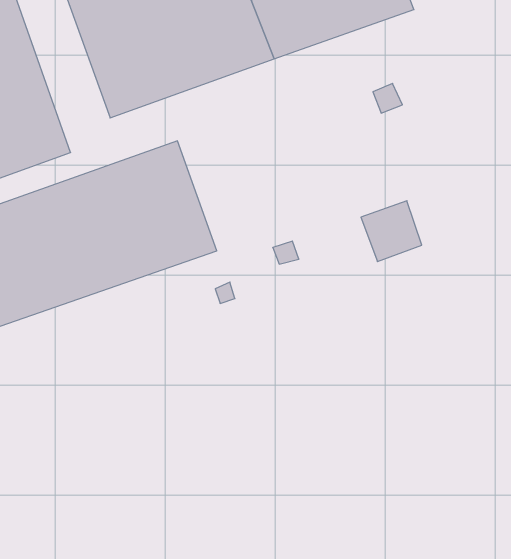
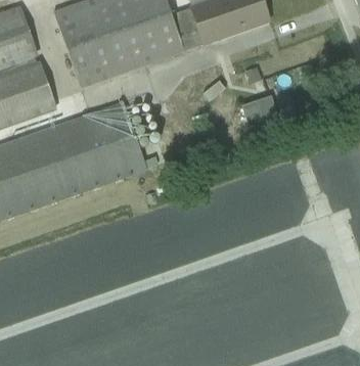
building: [361,201,422,262] -> [242,95,280,133]

